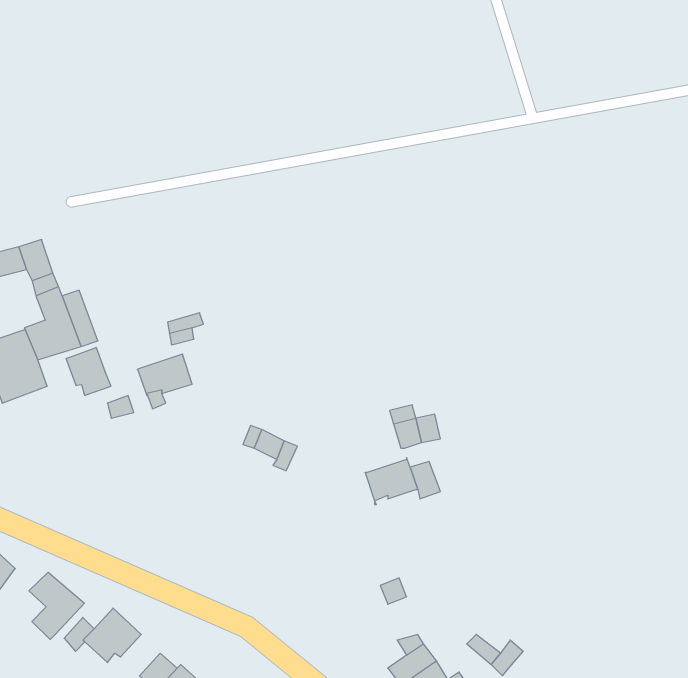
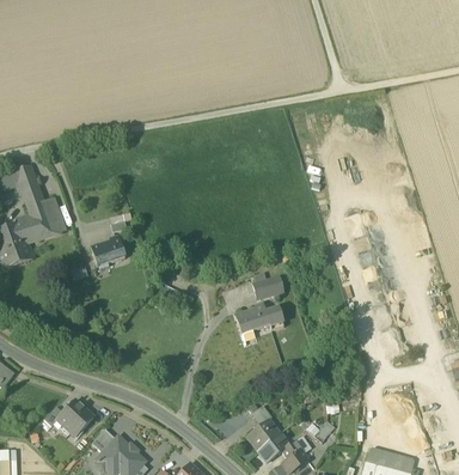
building: [66,347,111,396] -> none
building: [29,572,84,639] -> none

